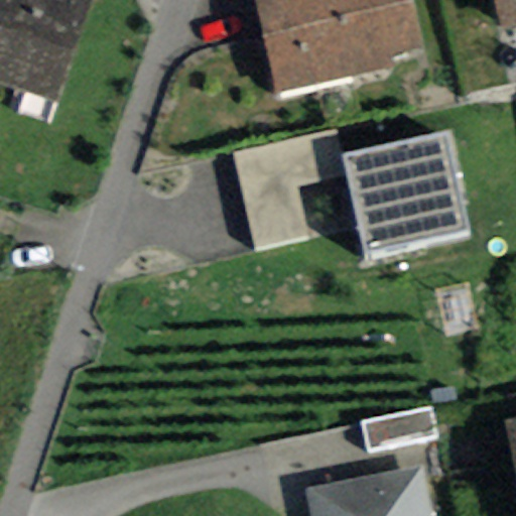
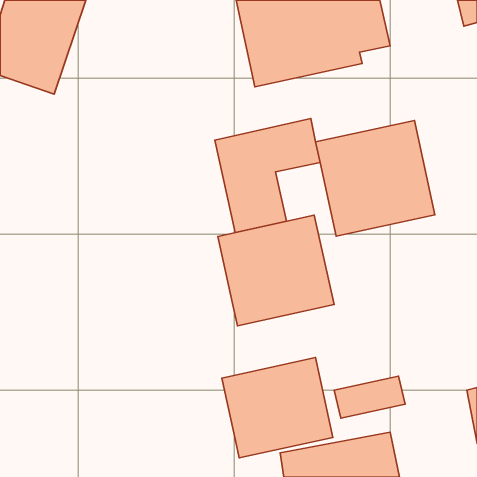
building: none -> [218,215,334,326]
building: none -> [222,358,333,458]

